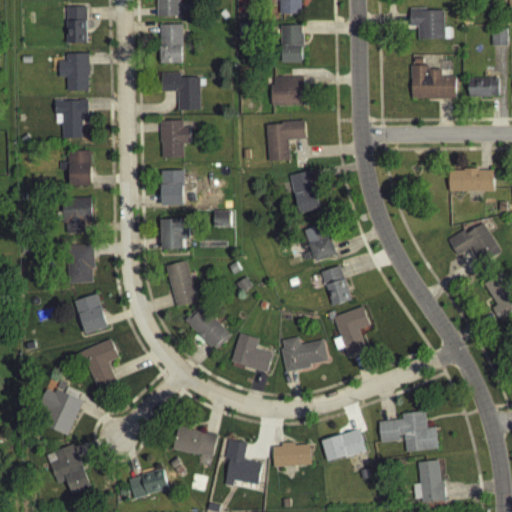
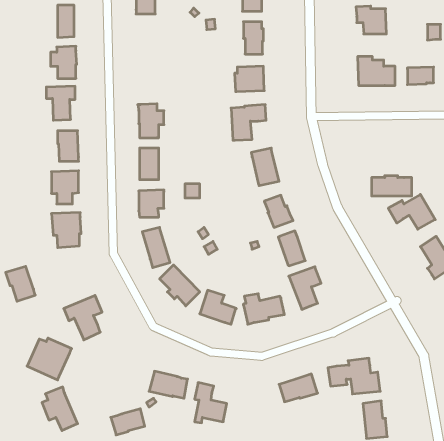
building: [160,24,183,63] -> none
building: [161,72,201,110] -> none
building: [449,168,495,191] -> [372,176,412,196]
building: [74,294,108,334] -> [6,266,35,301]
building: [273,442,311,467] -> none

